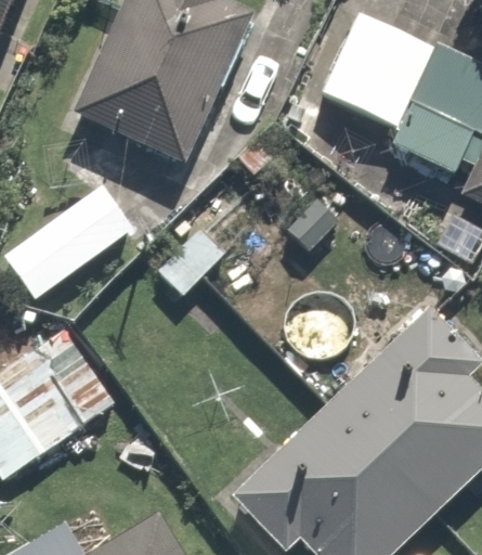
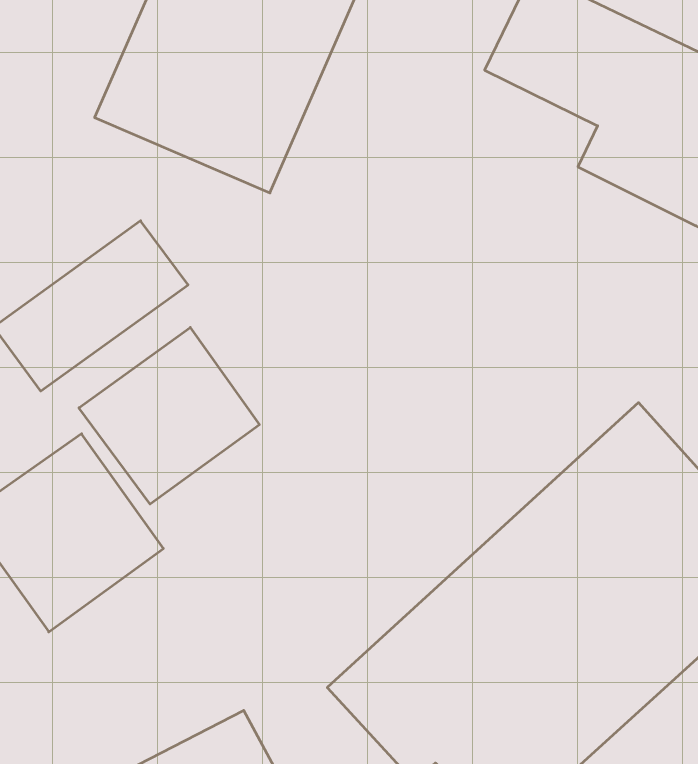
building: none -> [79,327,259,504]

